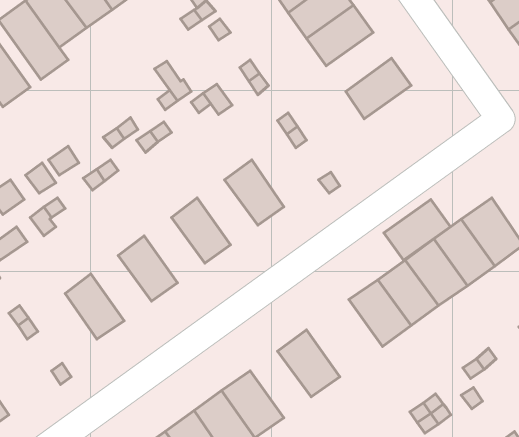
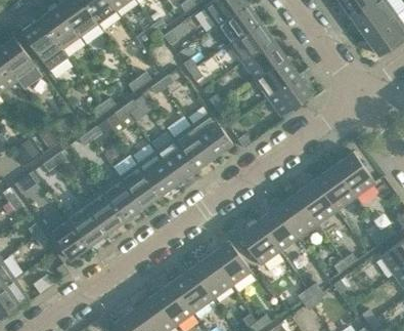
building: none -> [242,40,286,80]
building: none -> [192,113,233,158]
building: none -> [155,139,196,183]
building: [384,200,451,260] -> [268,76,313,117]
building: none -> [120,165,161,209]
building: none -> [84,191,125,235]
building: none -> [47,216,88,260]
building: none -> [238,220,280,265]
building: none -> [191,255,232,300]

